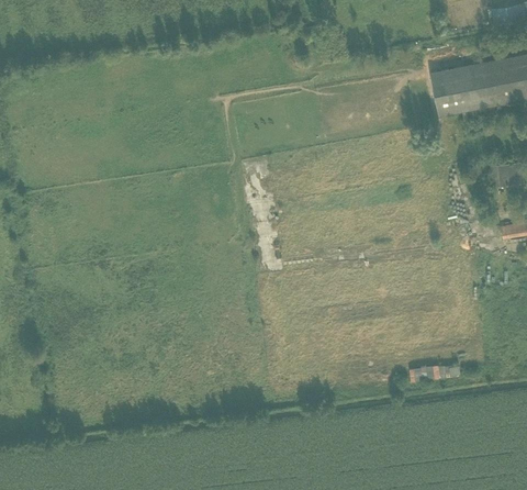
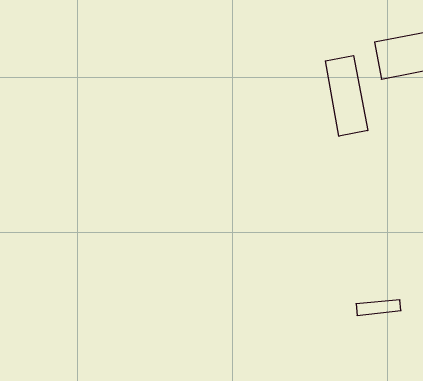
building: none -> [325,56,368,136]

